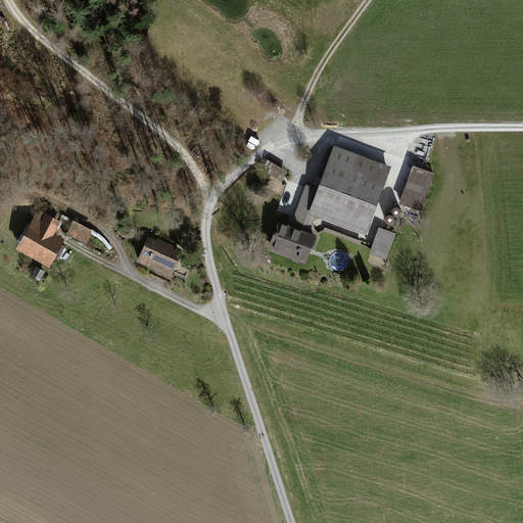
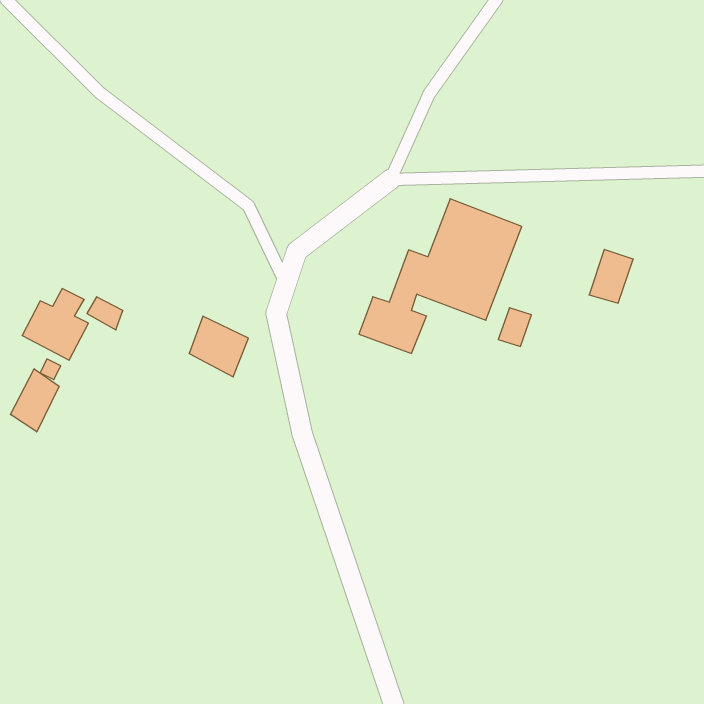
building: [401,169,434,208] -> [589,249,633,303]
building: none -> [10,369,59,432]

